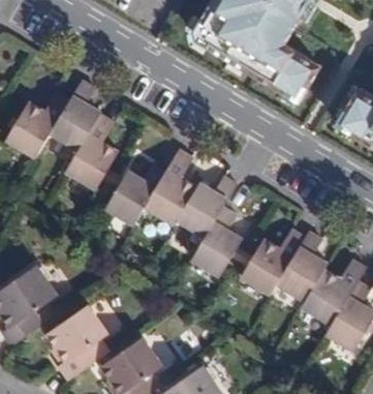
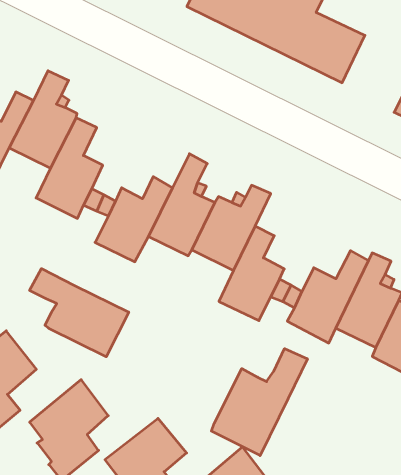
building: none -> [30,269,129,357]
building: none -> [211,349,307,456]

